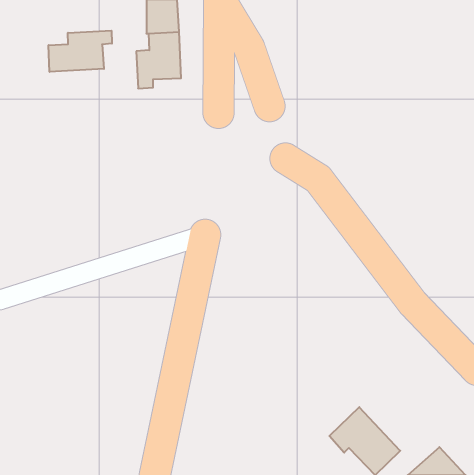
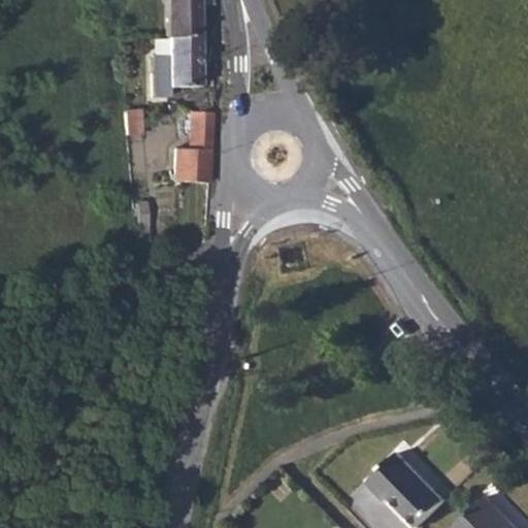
building: [49,31,112,72] -> none
building: none -> [179,114,216,187]

